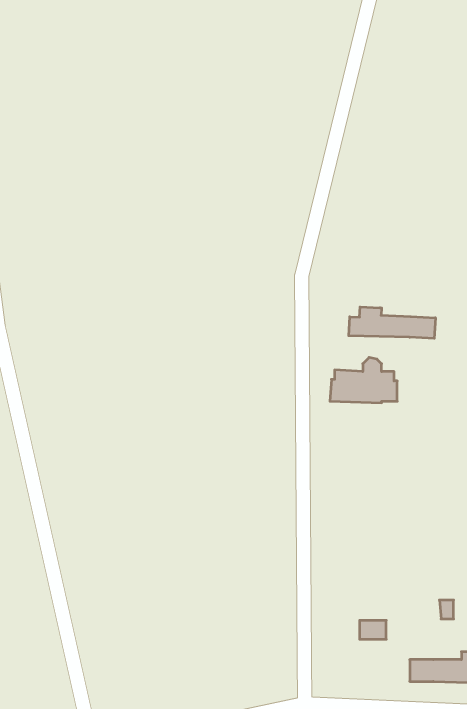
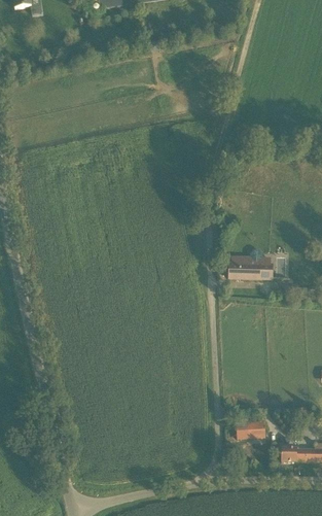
building: [349,307,435,338] -> none

